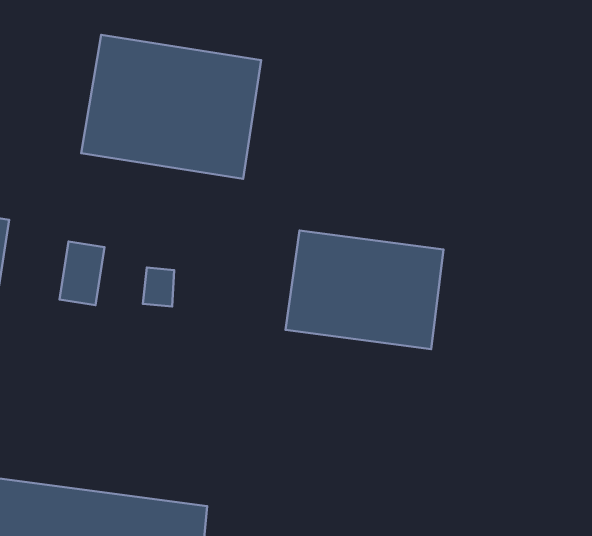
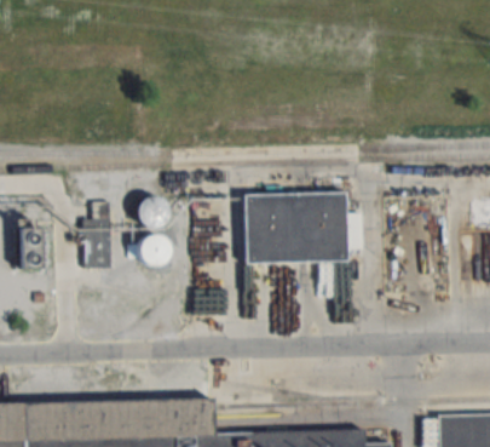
building: [81,35,261,179] -> none
building: none -> [142,197,163,225]

